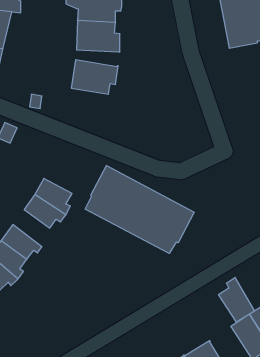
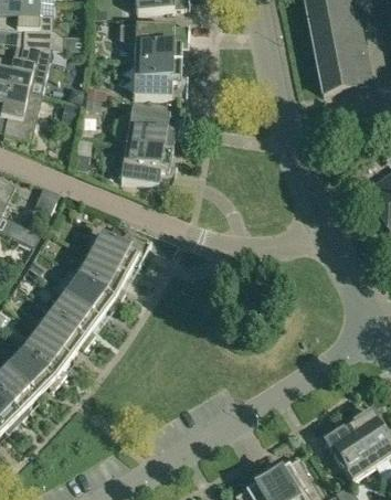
building: none -> [117,141,175,187]
building: none -> [89,228,149,273]
building: [85,166,194,253] -> none
building: none -> [51,292,97,339]
building: [219,277,254,322] -> none

